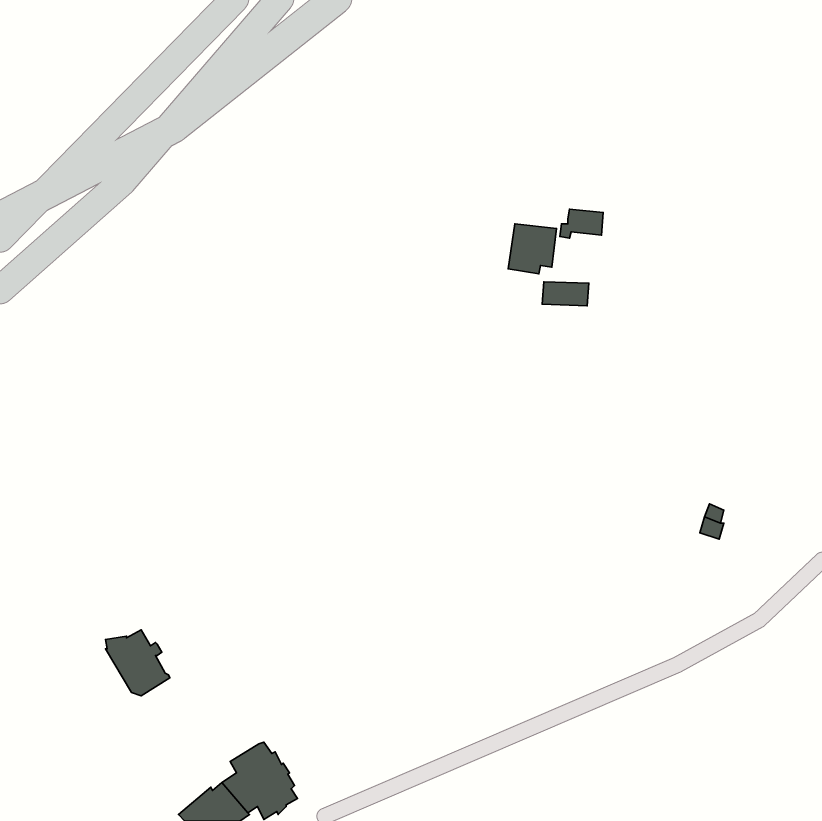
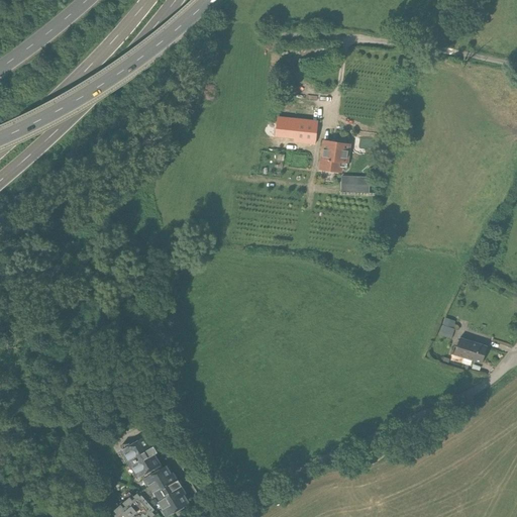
building: none -> [276,117,317,143]
building: none -> [453,337,487,365]
building: [106,630,170,696] -> [122,436,163,478]

